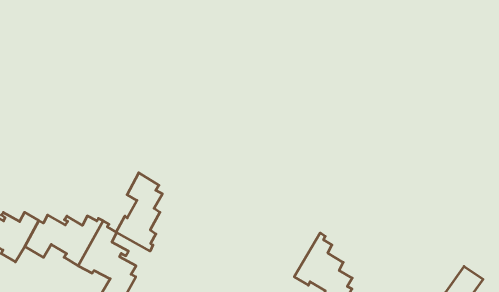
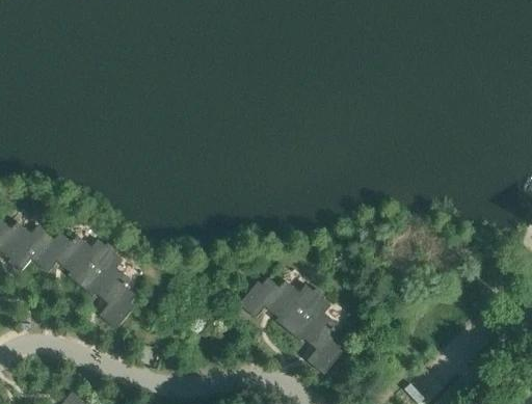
building: [116,173,162,251] -> none
building: none -> [238,277,320,330]

